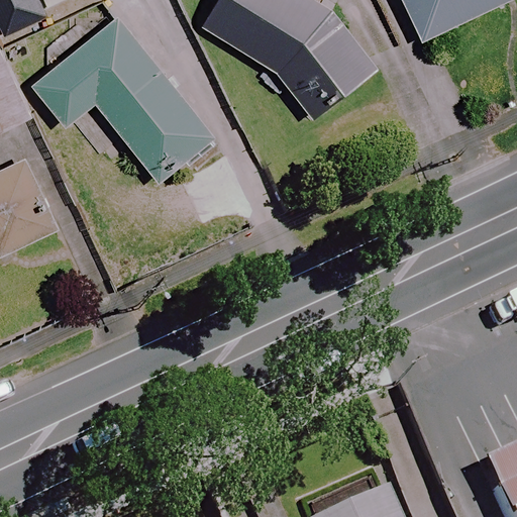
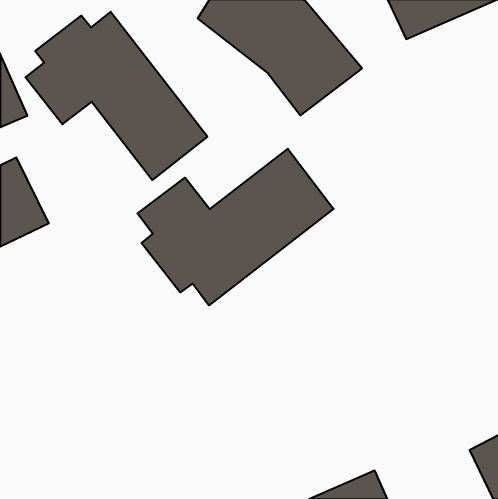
building: none -> [137,149,334,305]

